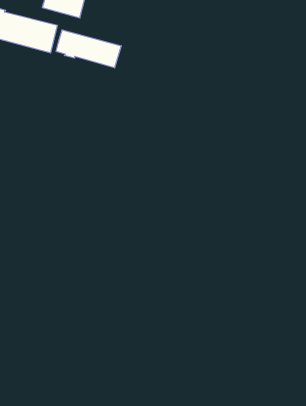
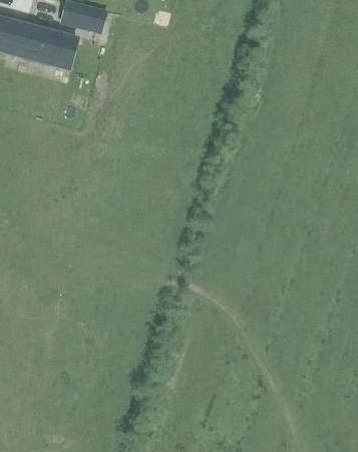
building: [56,30,121,68] -> none

